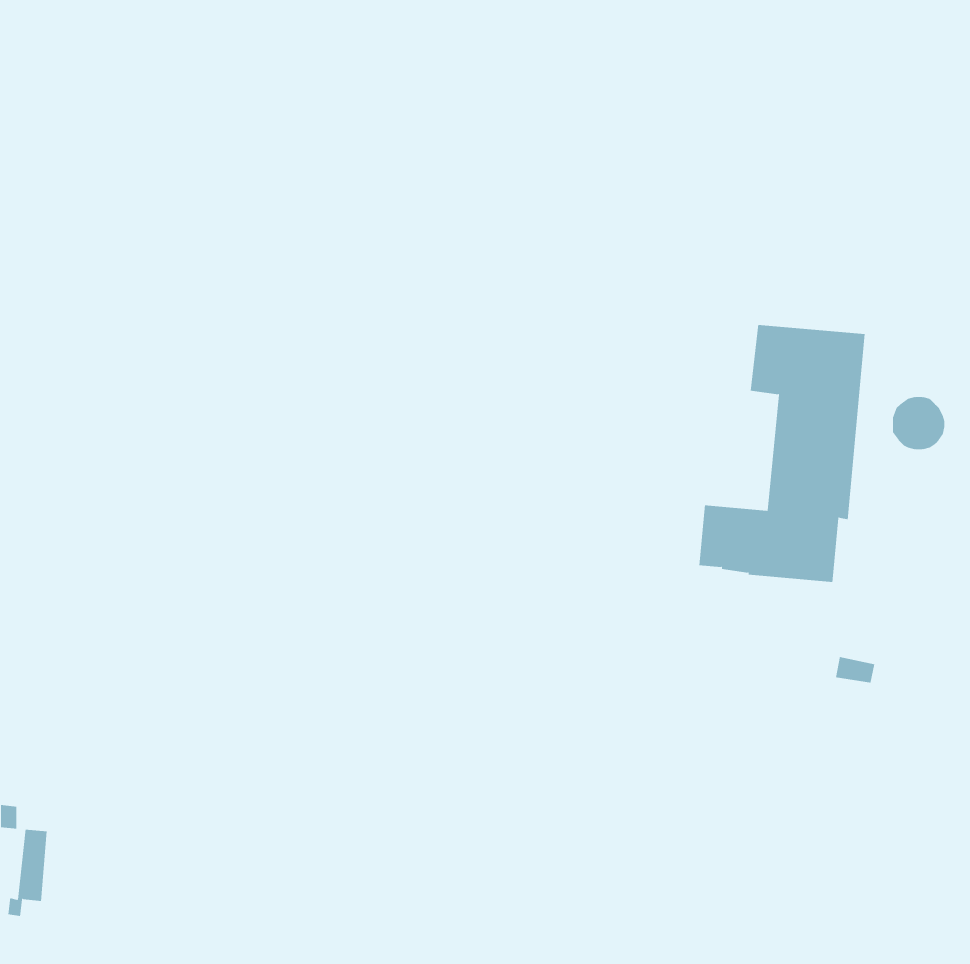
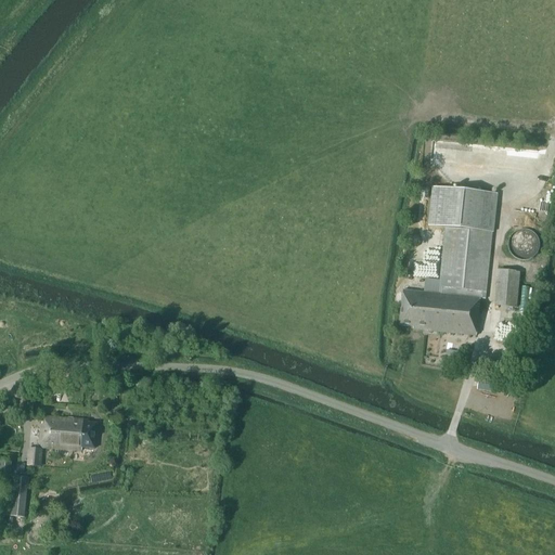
building: none -> [494,268,520,304]
building: none -> [27,413,96,464]

